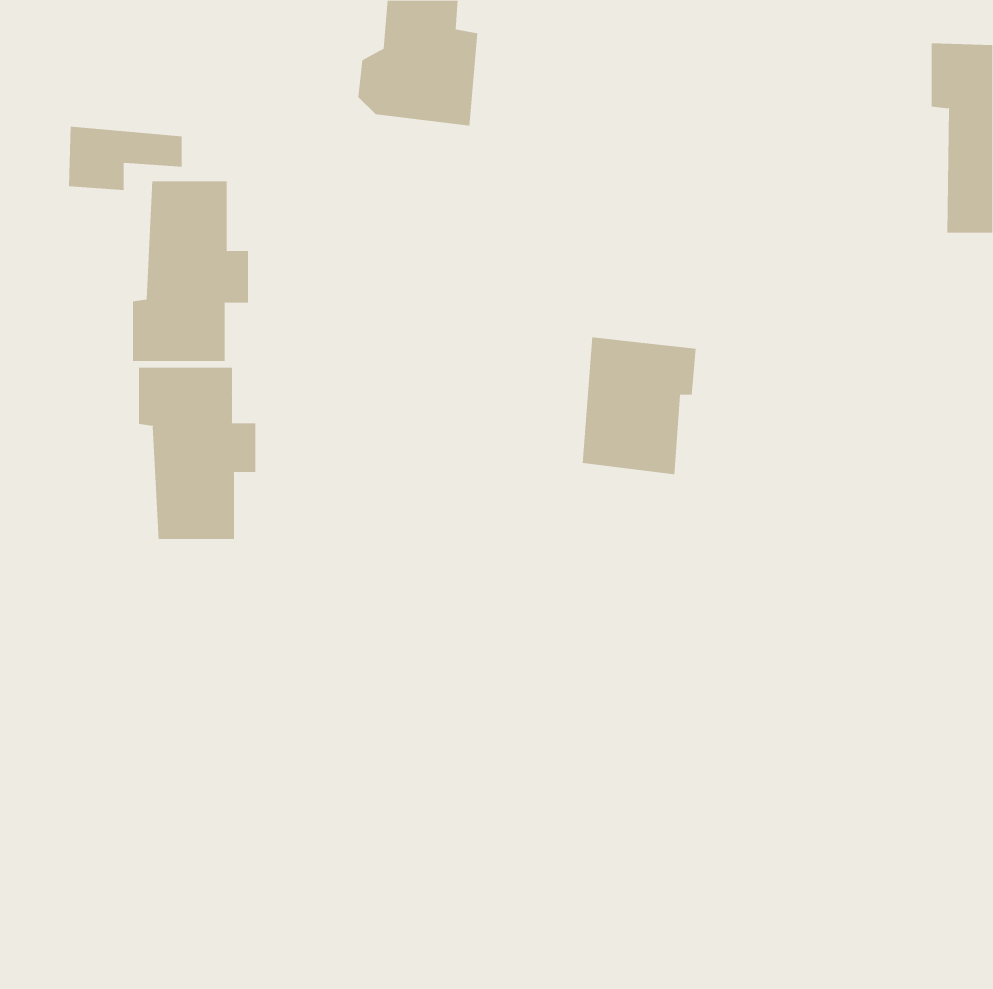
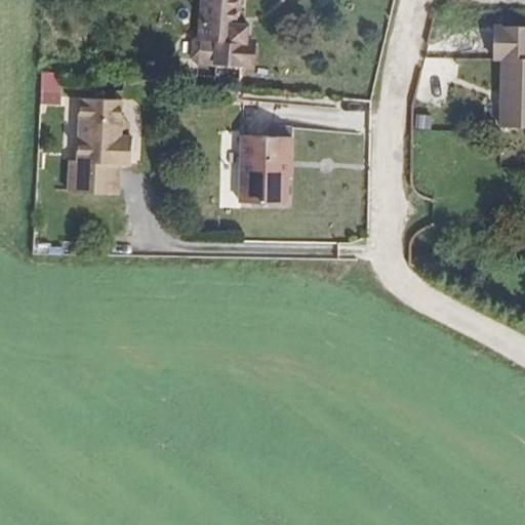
building: [582,337,696,475] -> [235,133,295,206]
building: [138,367,256,540] -> none

